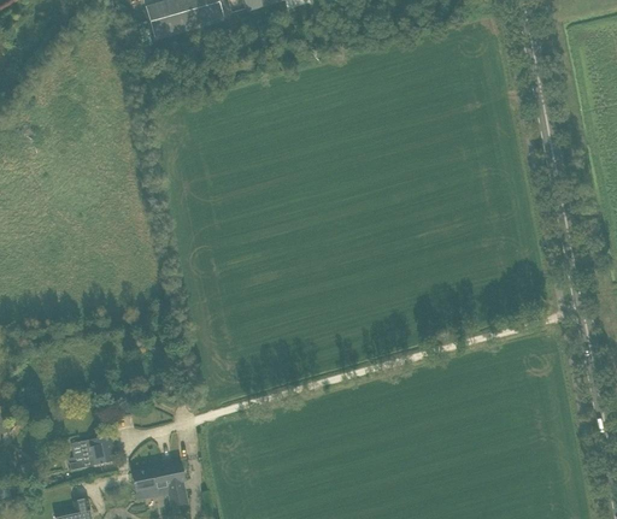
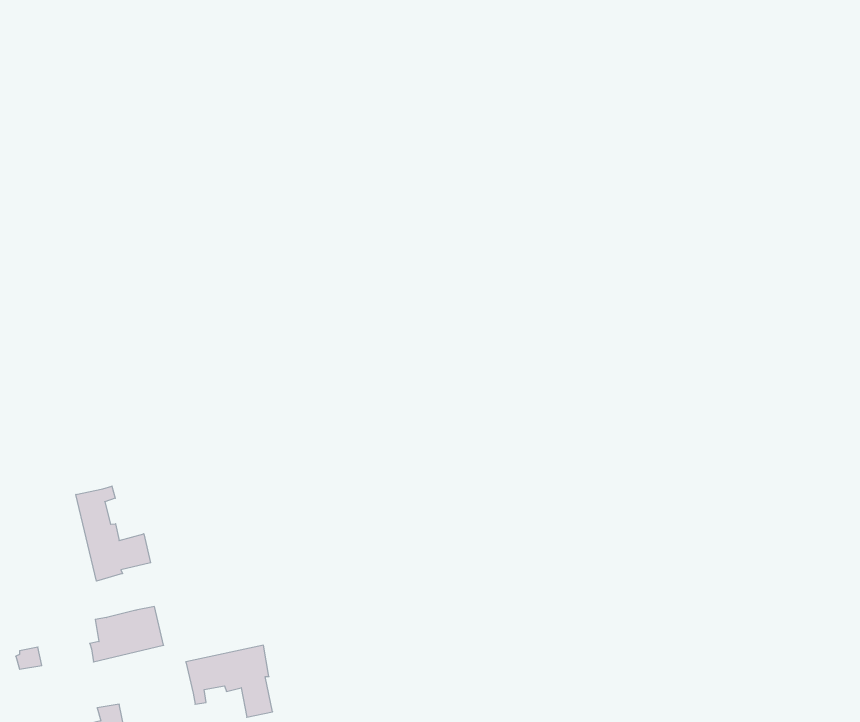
building: none -> [76,486,151,581]

